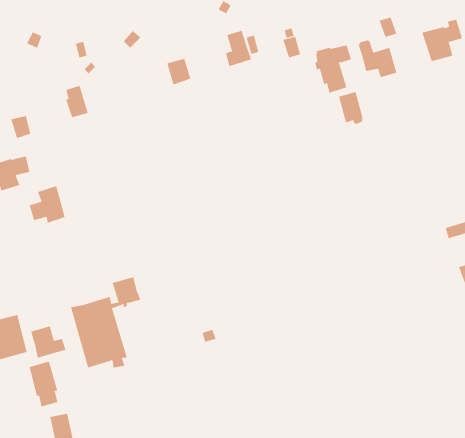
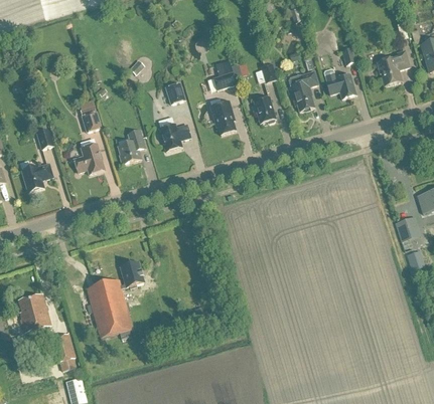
building: none -> [209,99,236,134]
building: [338,91,364,124] -> [254,95,275,123]
building: none -> [159,123,190,150]
building: none -> [118,129,145,163]
building: [29,186,65,223] -> [74,142,104,173]
building: [30,326,66,358] -> none

